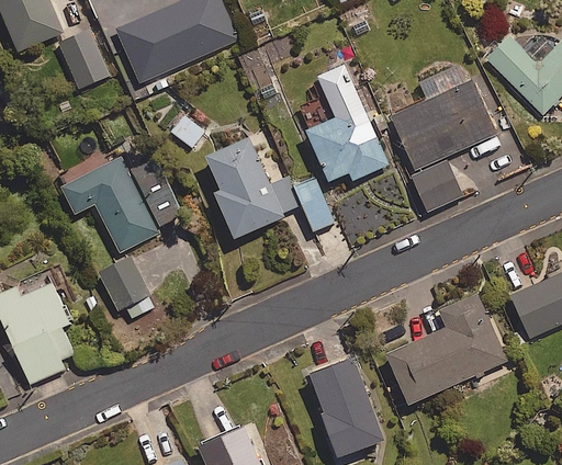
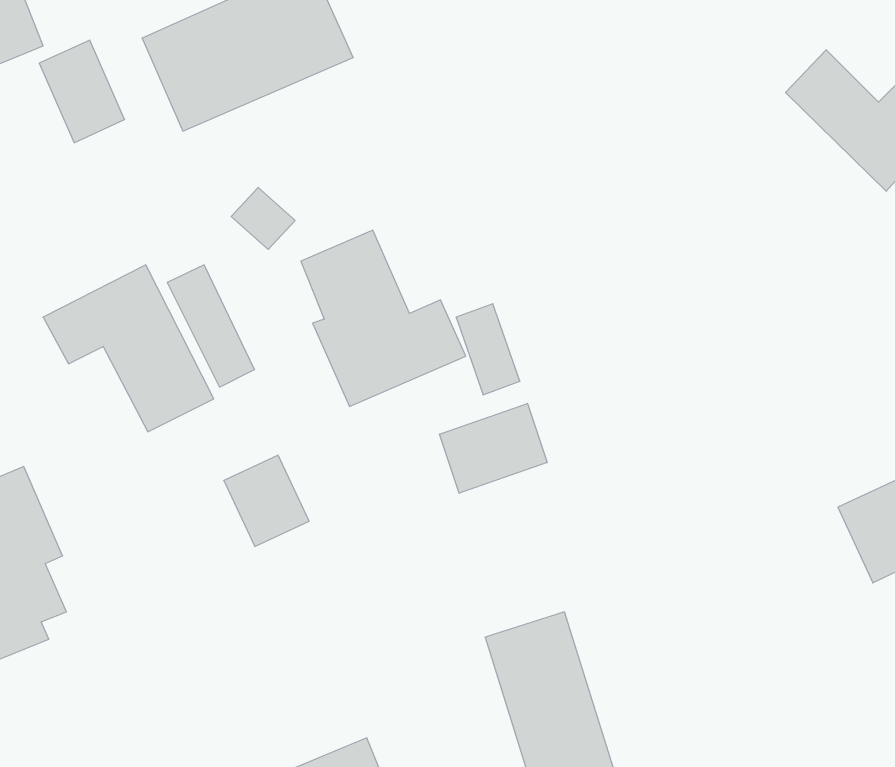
building: [308,64,389,180] -> none
building: [392,80,496,211] -> none
building: none -> [440,403,547,493]
building: [100,258,148,309] -> [224,455,309,546]
building: [387,293,505,402] -> none

